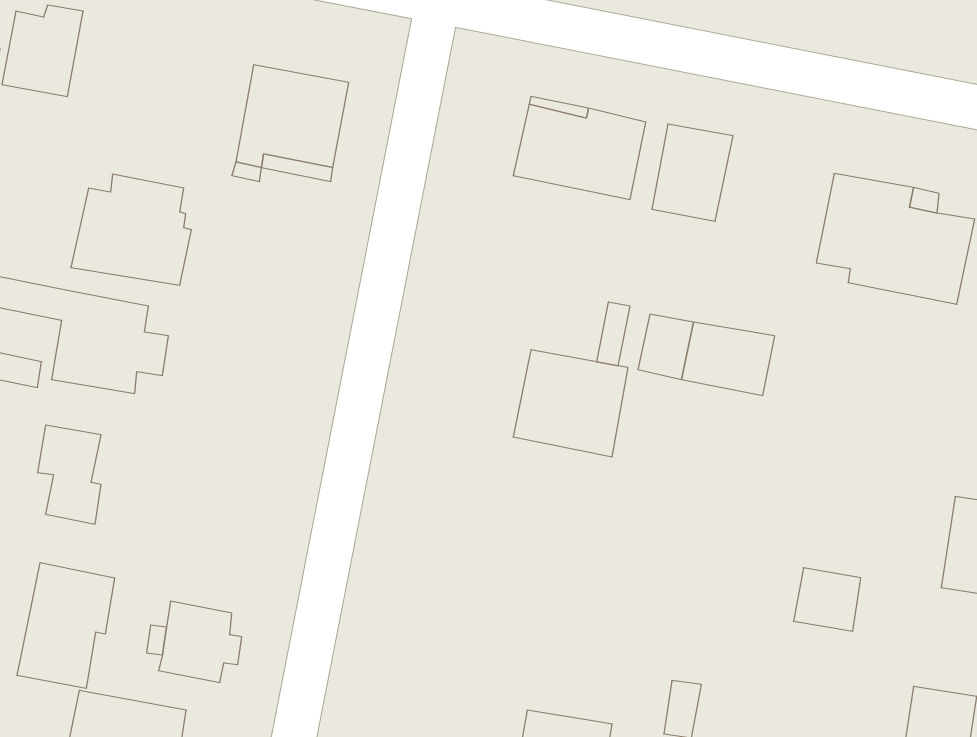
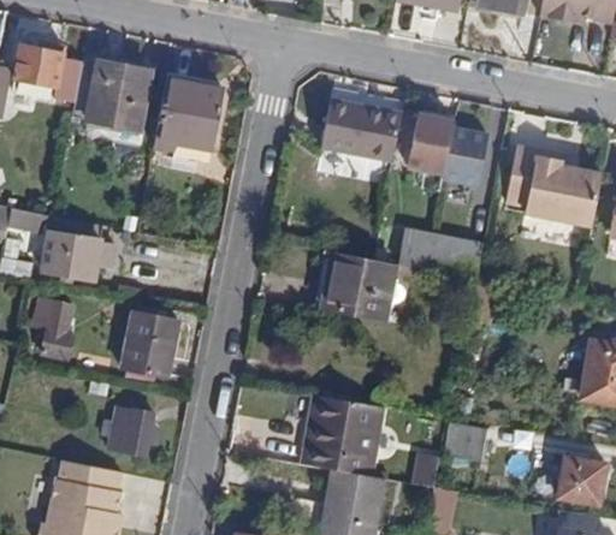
building: none -> [444,129,491,186]
building: [71,174,192,285] -> [71,61,144,129]
building: none -> [120,313,176,375]
building: [17,563,115,688] -> none
building: [793,568,861,631] -> [445,422,486,460]
building: none -> [306,396,379,477]

